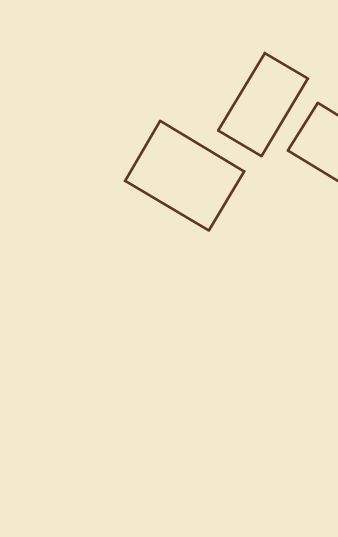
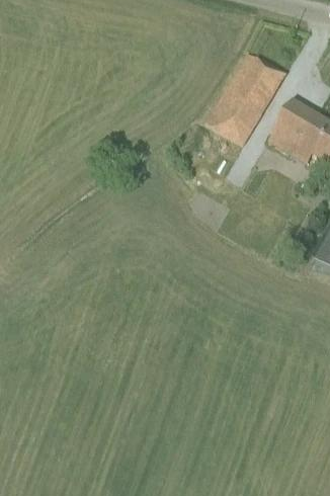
building: [125,121,244,230] -> none

